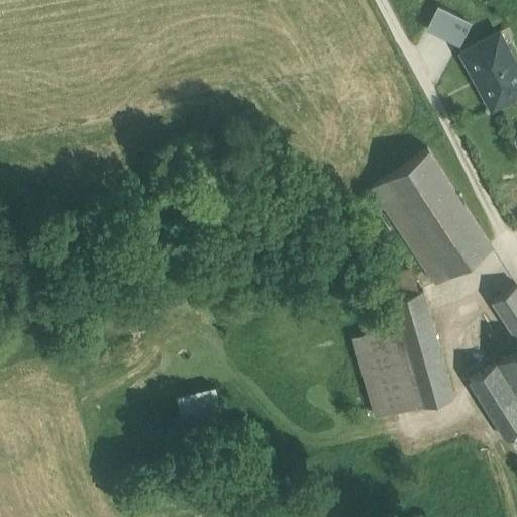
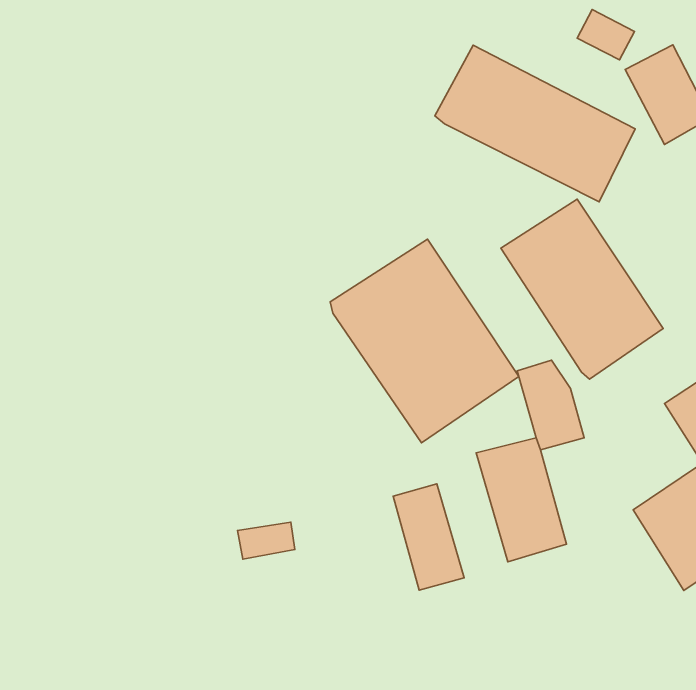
building: none -> [435,45,635,202]
building: none -> [330,239,519,443]
building: [401,329,453,408] -> [393,484,464,590]

